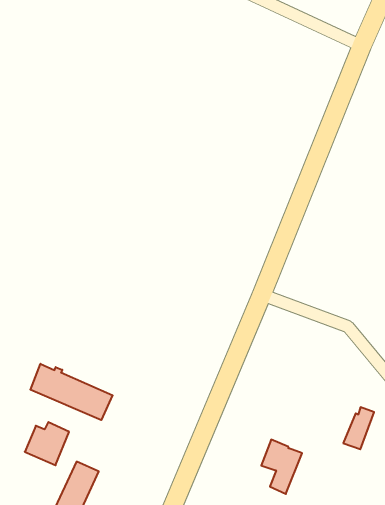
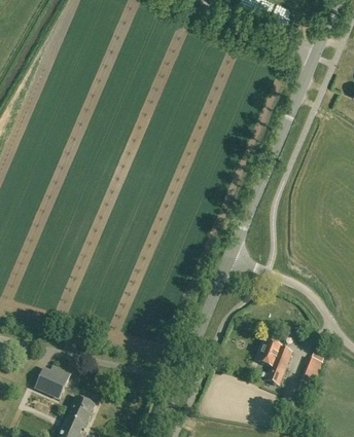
building: [30,364,113,420] -> none
building: [261,440,302,494] -> [259,340,293,386]

